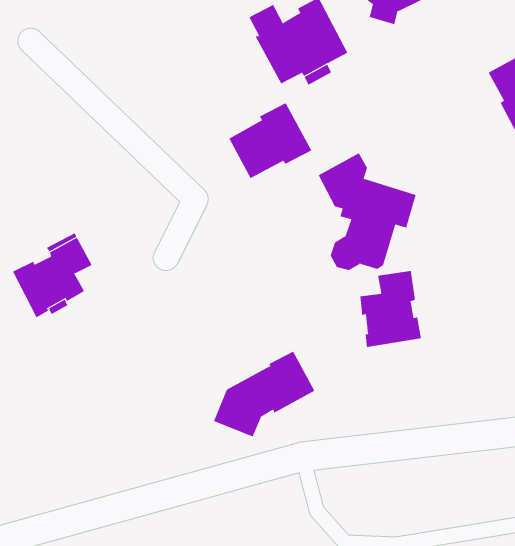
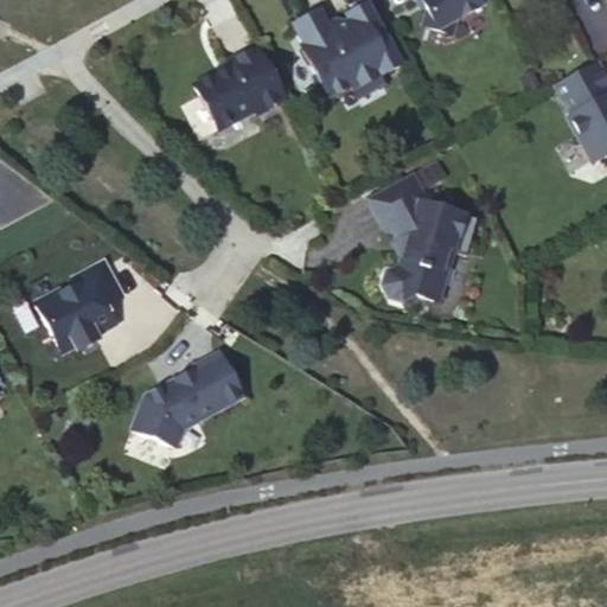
building: [229,101,312,179] -> [194,41,286,127]
building: [360,270,421,348] -> none
building: [213,351,315,437] -> [130,351,242,446]

